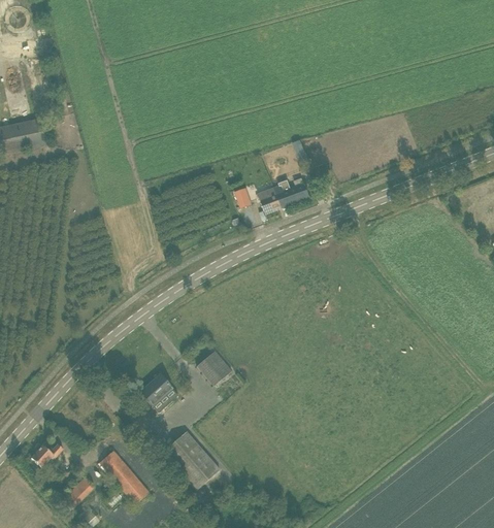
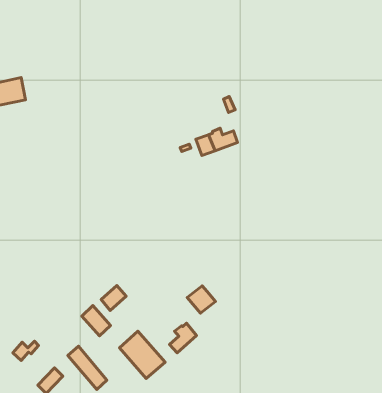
building: [197,351,232,385] -> [187,286,216,313]
building: none -> [82,306,110,336]
building: none -> [169,323,196,353]

